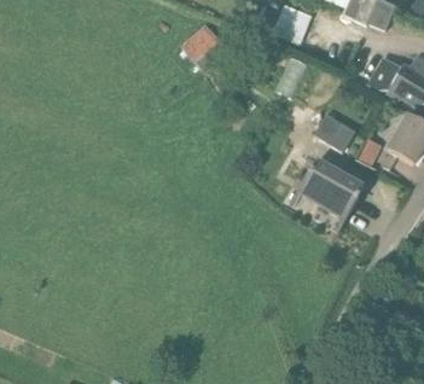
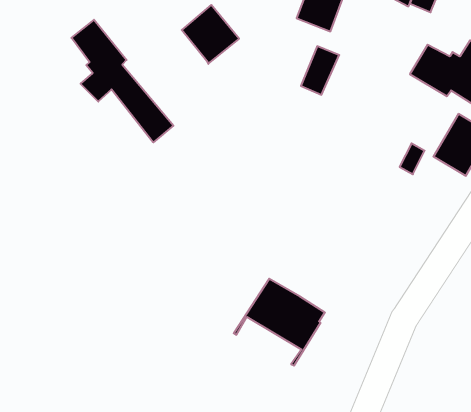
building: none -> [71,20,173,142]
building: [313,114,355,151] -> none
building: [289,158,364,229] -> [234,279,325,366]

